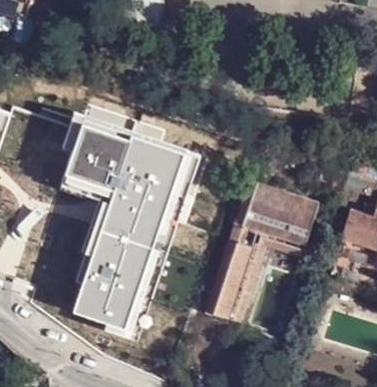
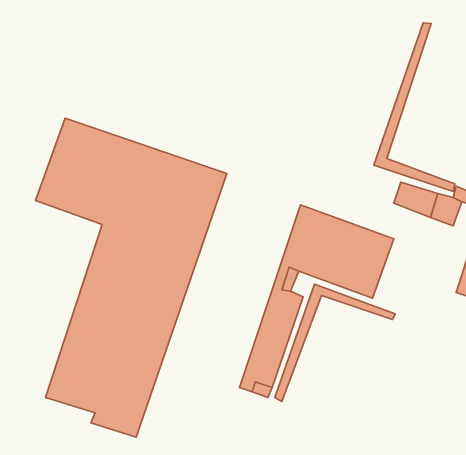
building: none -> [374,23,455,191]

